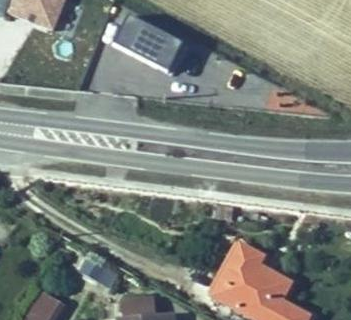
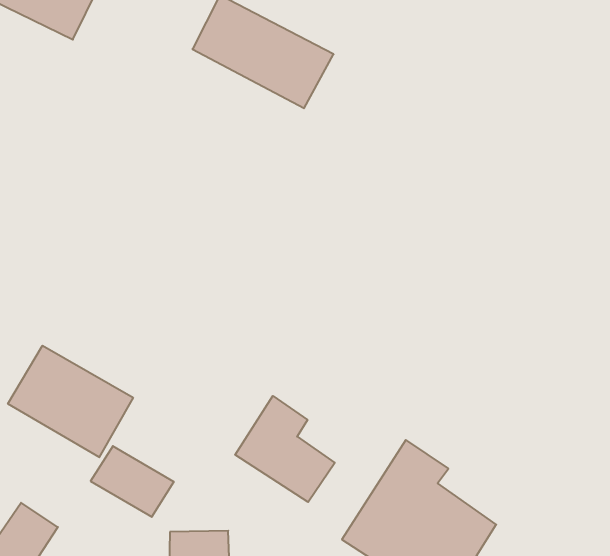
building: none -> [8,346,133,457]
building: none -> [235,396,335,502]

